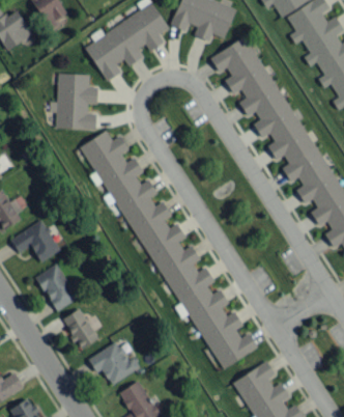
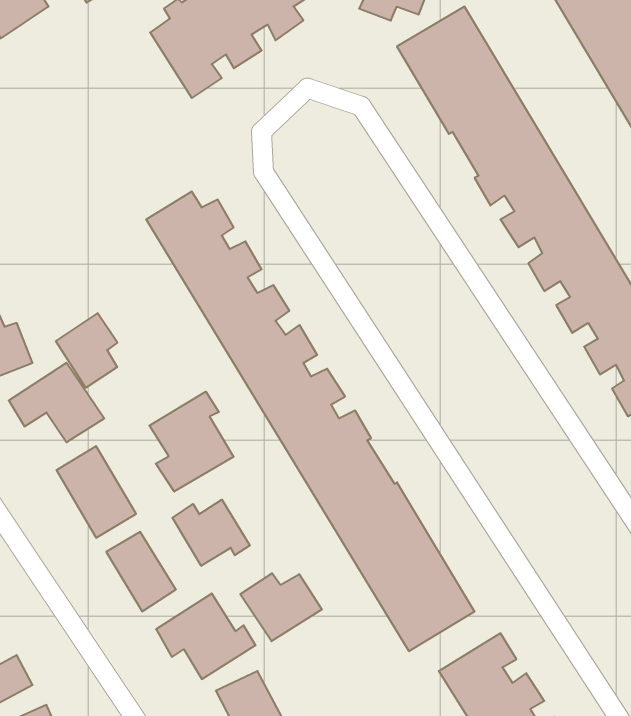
building: [50,74,98,130] -> none
building: none -> [56,313,117,388]
building: none -> [149,392,234,492]
building: none -> [172,500,250,566]
building: none -> [240,573,322,641]

